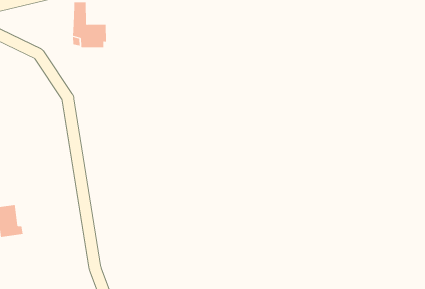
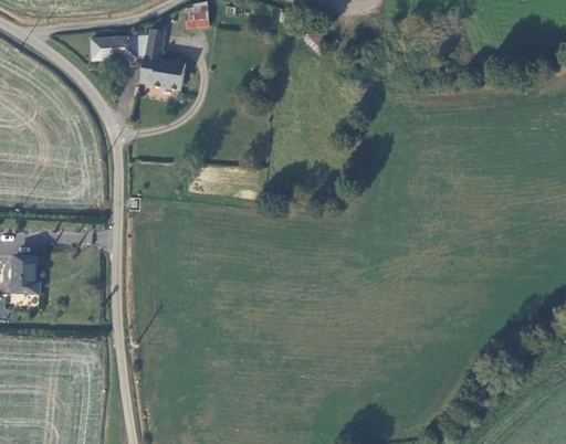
building: none -> [91,35,146,57]

